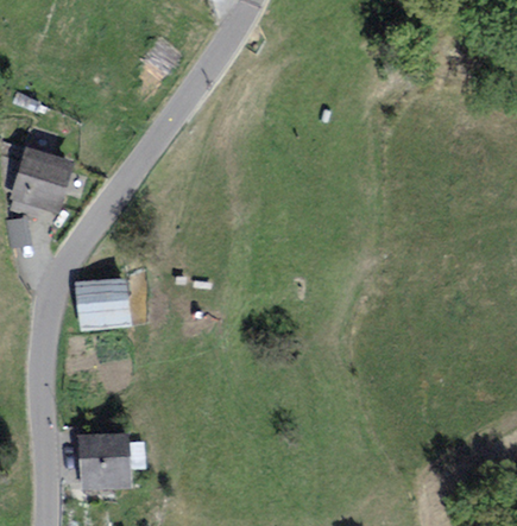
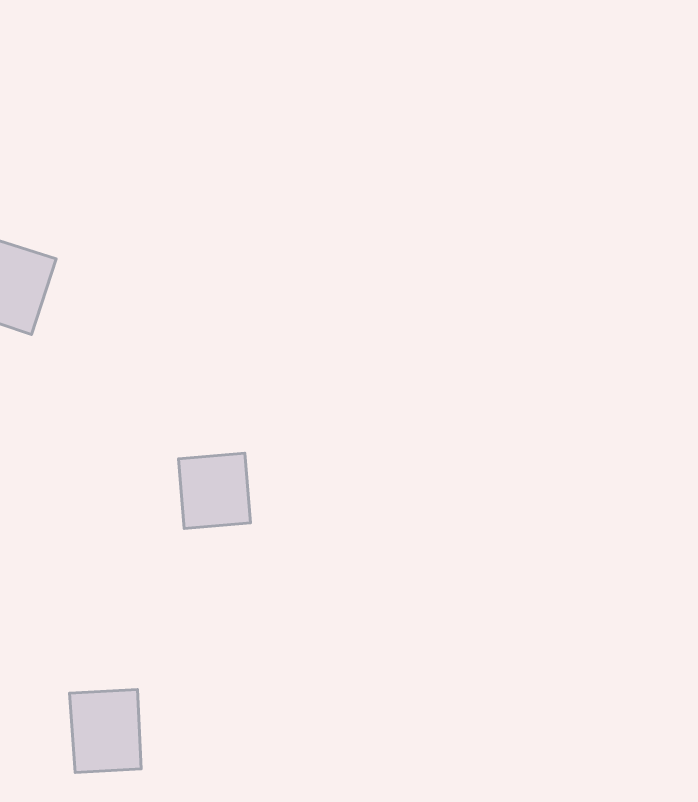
building: [77,281,122,329] -> [179,453,250,529]

